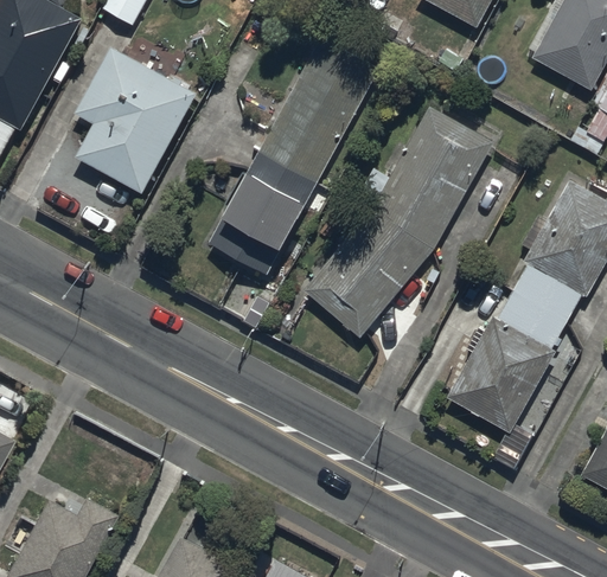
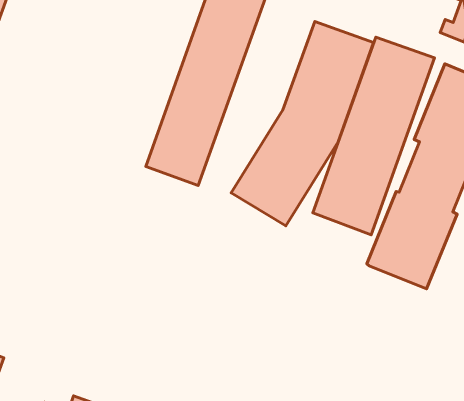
building: [75,46,198,194] -> none
building: none -> [313,37,434,235]

